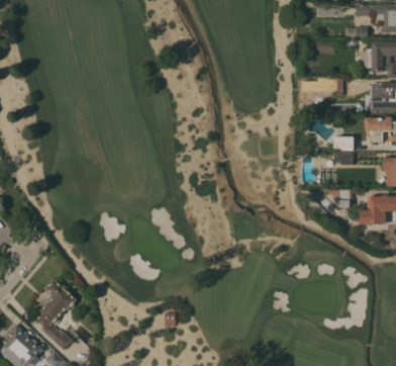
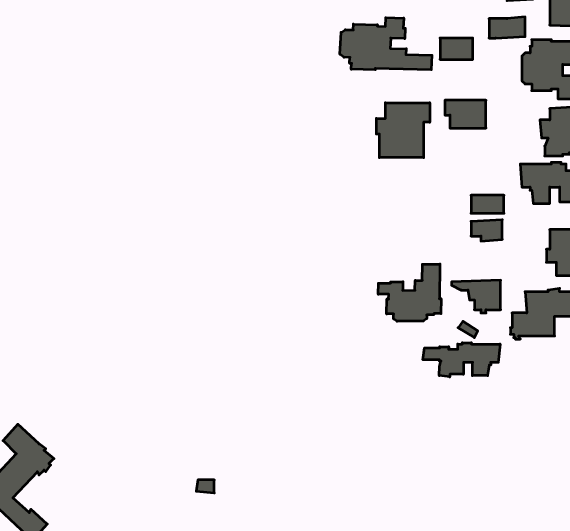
building: none -> [340,18,432,70]
building: none -> [376,103,430,158]
building: none -> [378,264,441,321]
building: none -> [423,343,500,377]

